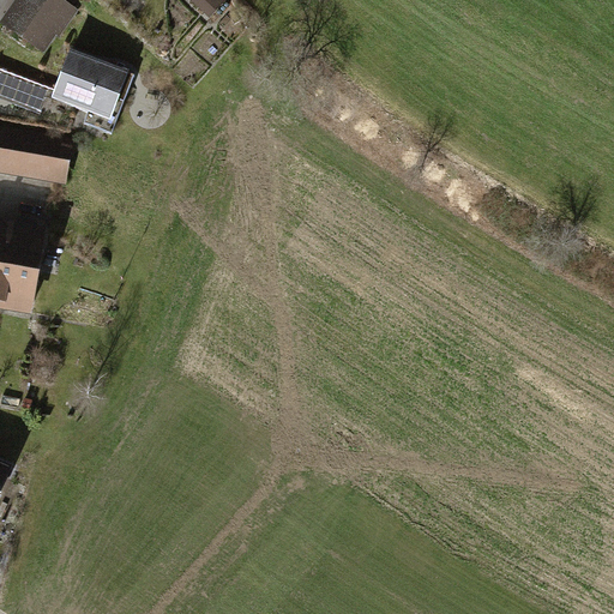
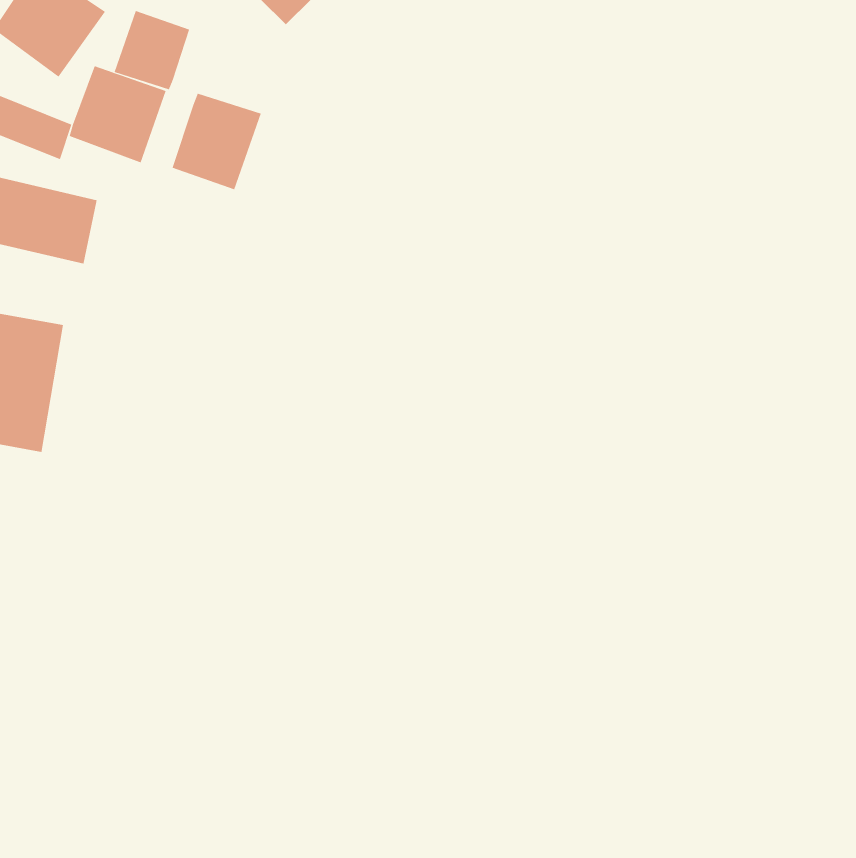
building: none -> [114,10,190,90]
building: none -> [172,93,261,190]

